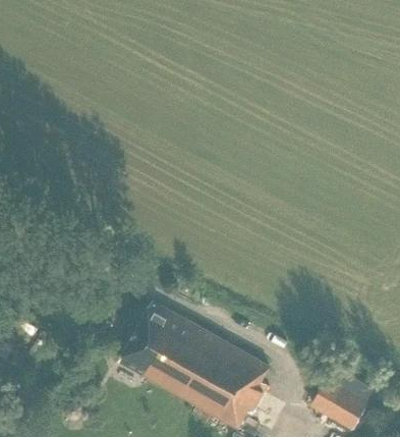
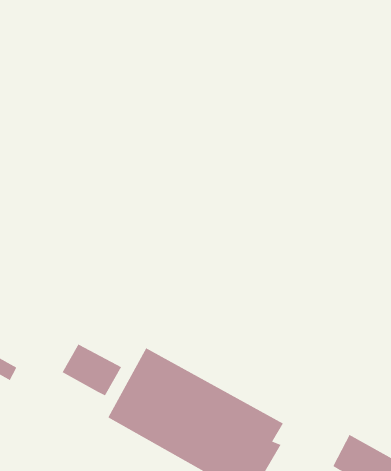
building: none -> [62,343,122,396]

